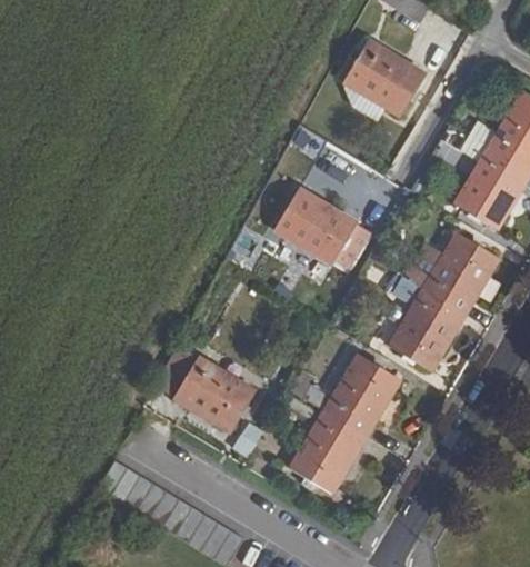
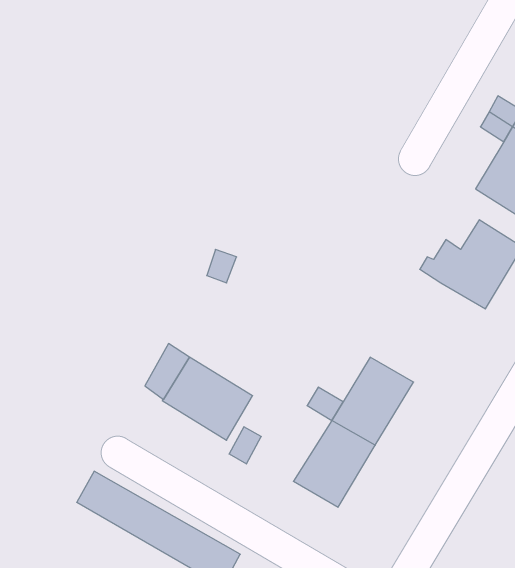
building: [348,43,427,116] -> none
building: [274,190,369,269] -> none
building: [389,290,463,370] -> none

